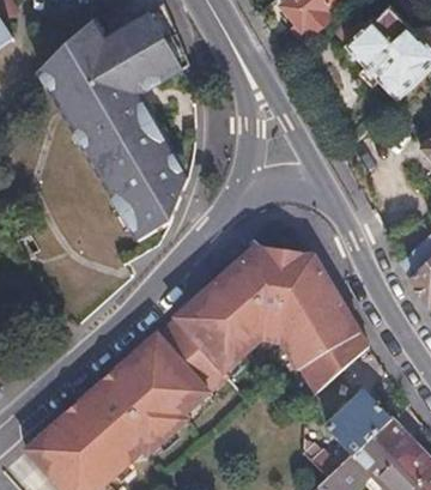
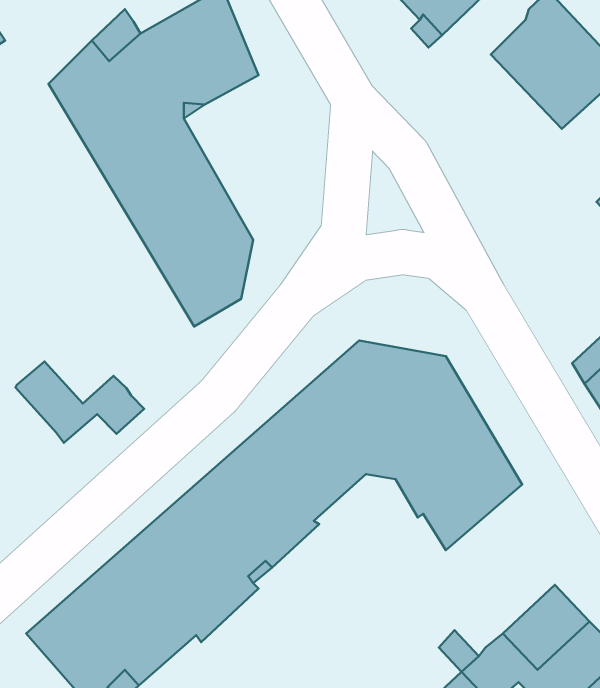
building: none -> [15,361,144,443]
building: [321,391,391,459] -> none

